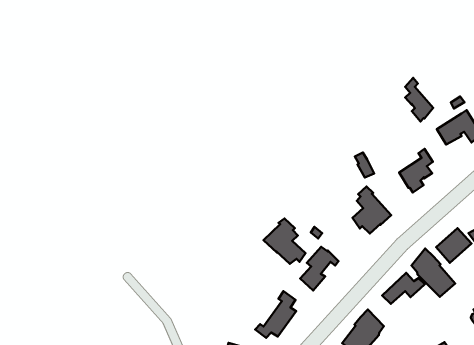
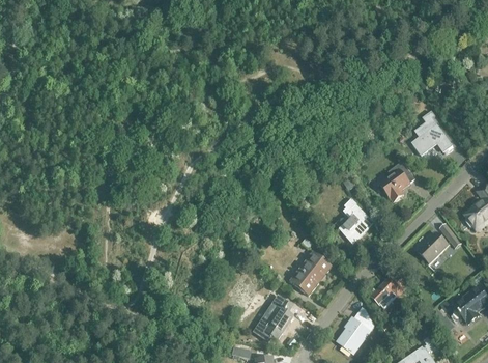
building: [405,78,433,122] -> none
building: [263,219,305,264] -> none
building: [411,249,455,297] -> none

